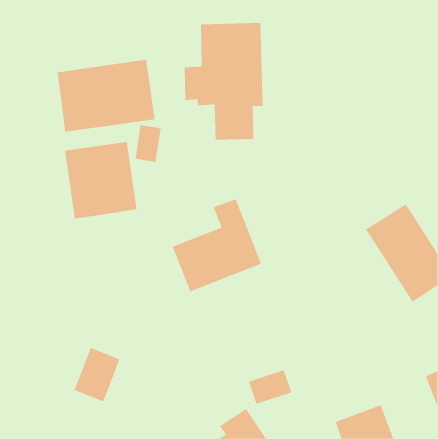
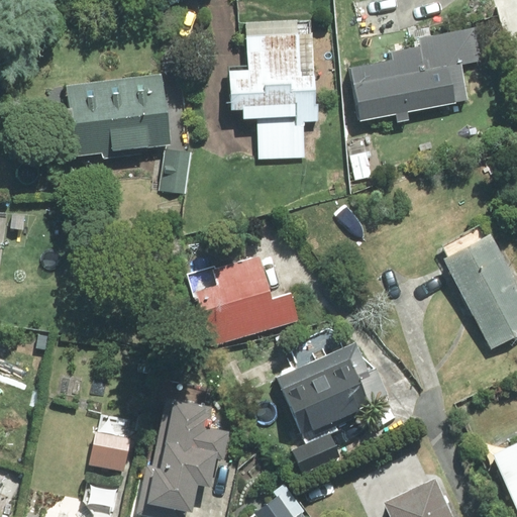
building: none -> [336,24,480,132]
building: [65,141,137,220] -> none
building: none -> [277,343,379,438]
building: none -> [154,397,234,511]

